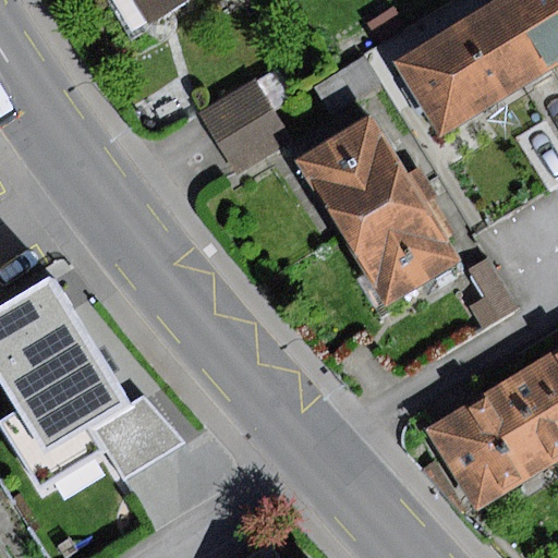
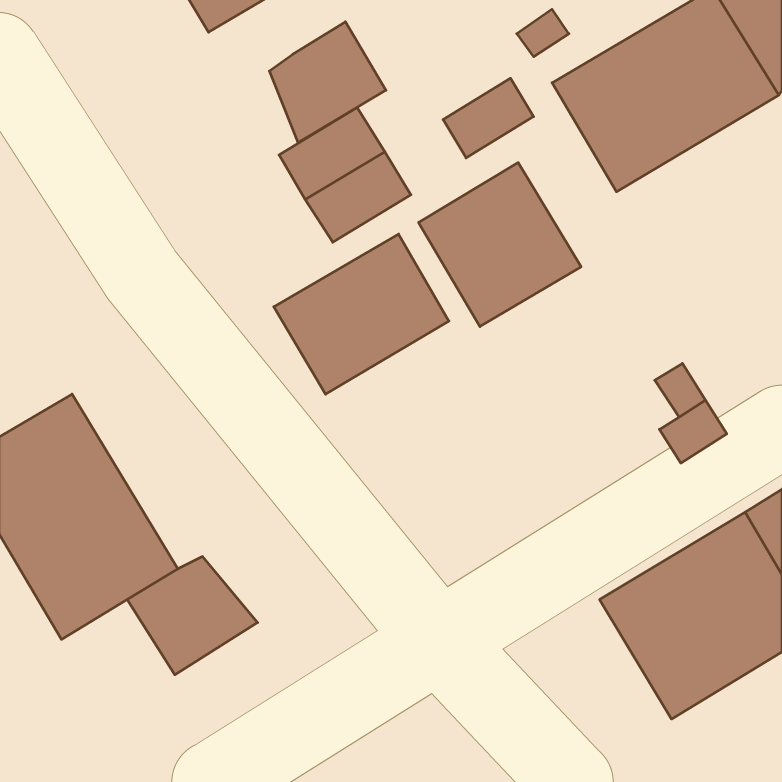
building: none -> [269,22,386,143]
building: none -> [274,234,449,394]
building: [341,190,456,304] -> none

